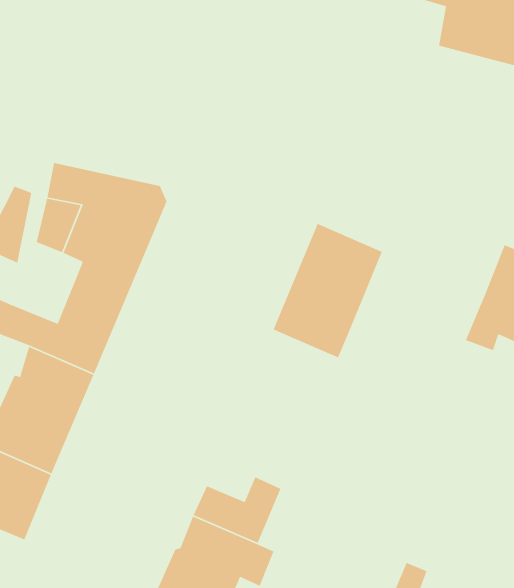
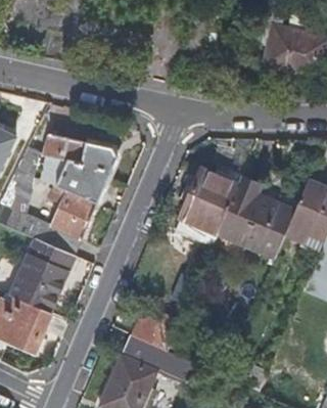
building: none -> [220,176,296,257]

